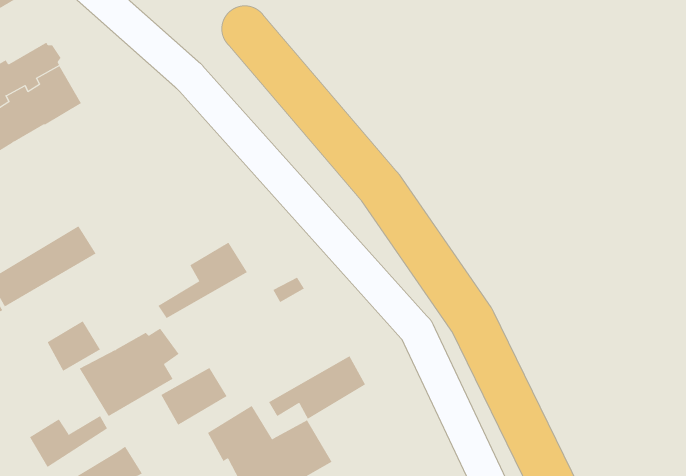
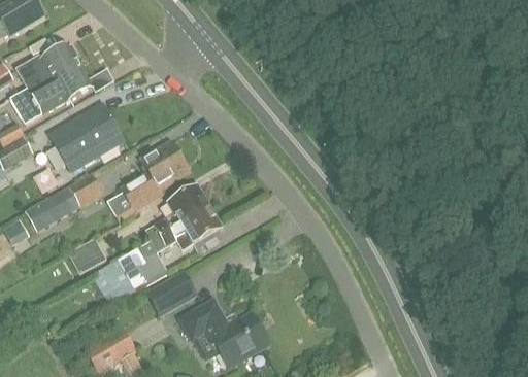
building: none -> [50,104,124,171]
building: none -> [119,141,188,208]
building: [268,355,366,420] -> [152,206,221,251]
building: [29,415,108,468] -> none

